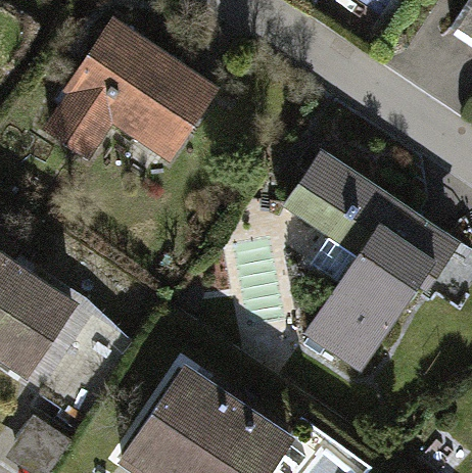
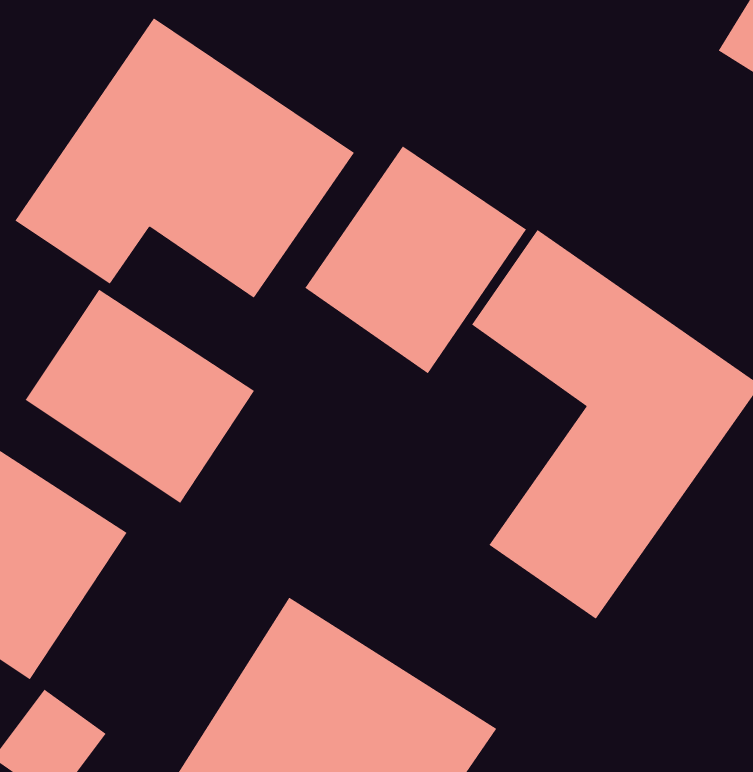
building: none -> [305,146,527,374]
building: none -> [25,289,255,504]

